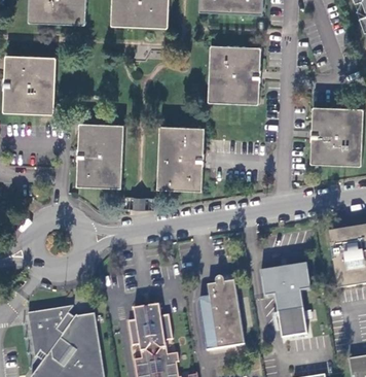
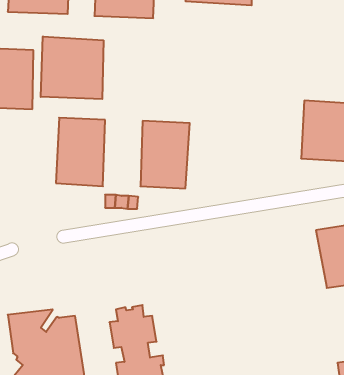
building: [209,45,261,104] -> none
building: none -> [41,36,103,99]
building: [261,265,312,340] -> none
building: [198,273,245,351] -> none

